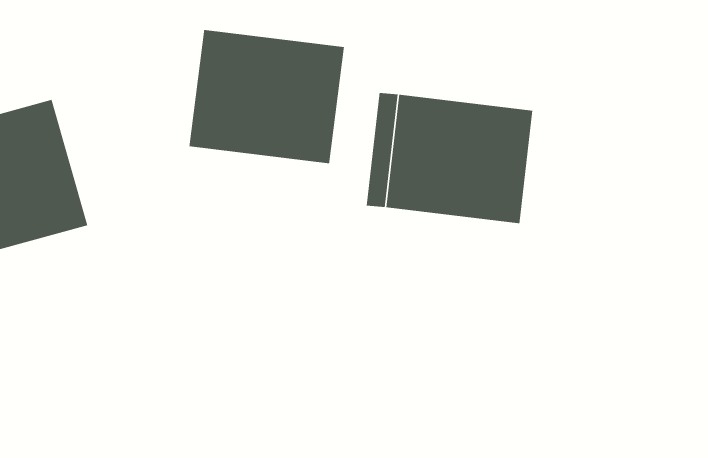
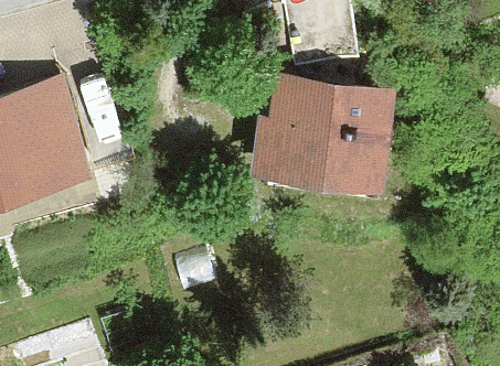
building: [189,29,344,164] -> none

